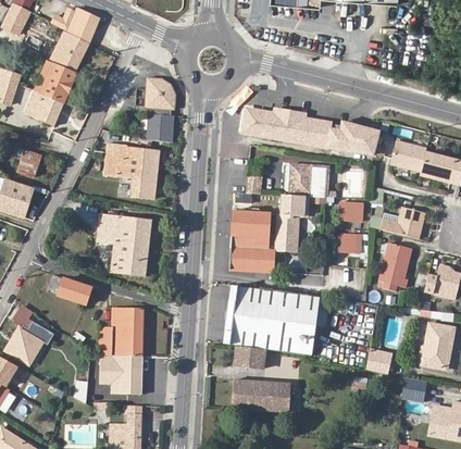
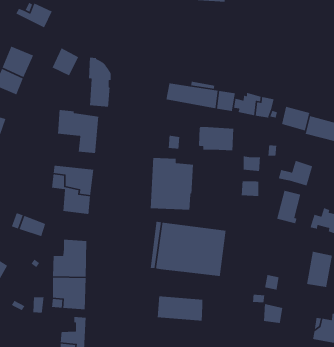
building: [52,32,87,68] -> [52,47,79,76]
building: [276,195,310,252] -> none
building: [234,346,265,367] -> none
building: [401,375,426,401] -> [263,303,283,324]

